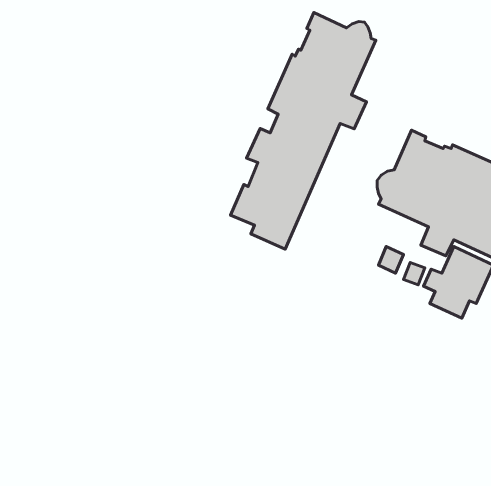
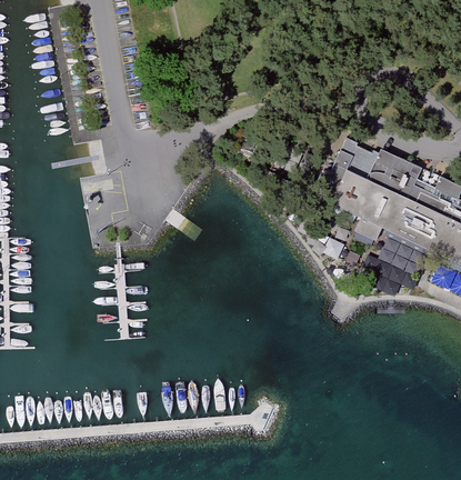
building: [231,12,376,249] -> none

